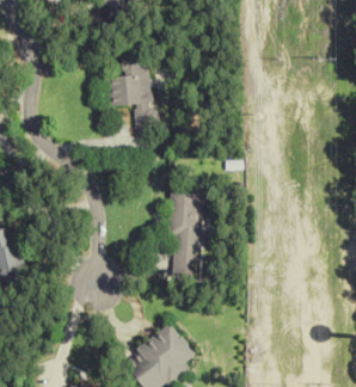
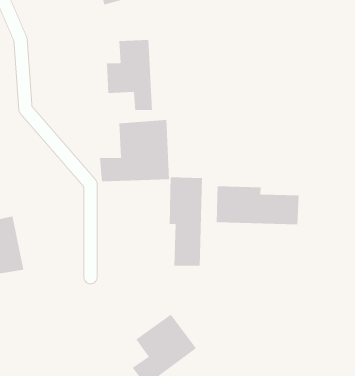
building: none -> [99,119,169,182]
building: none -> [216,185,299,225]

